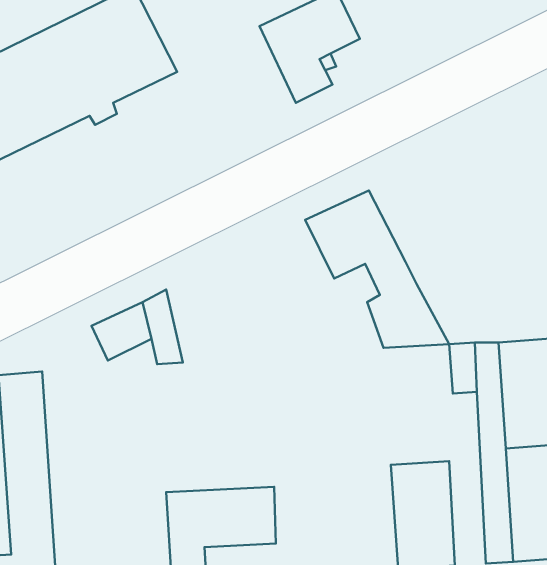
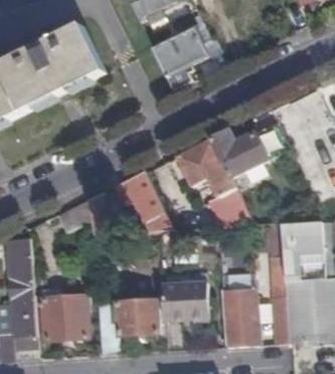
building: none -> [210,121,291,177]
building: none -> [117,169,172,229]
building: none -> [165,278,208,317]
building: none -> [41,288,88,339]

